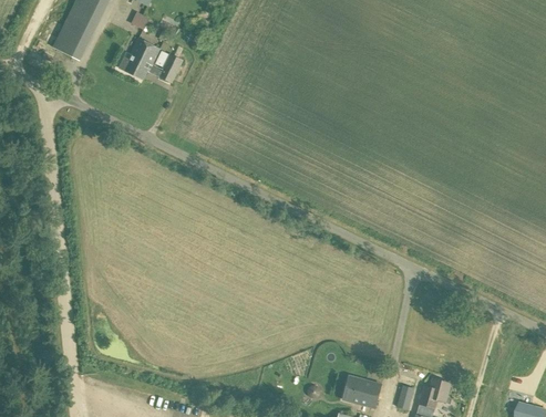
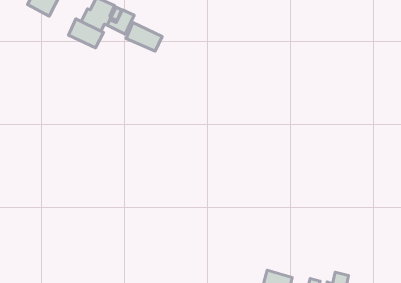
building: none -> [68,19,103,48]
building: none -> [126,22,162,51]

